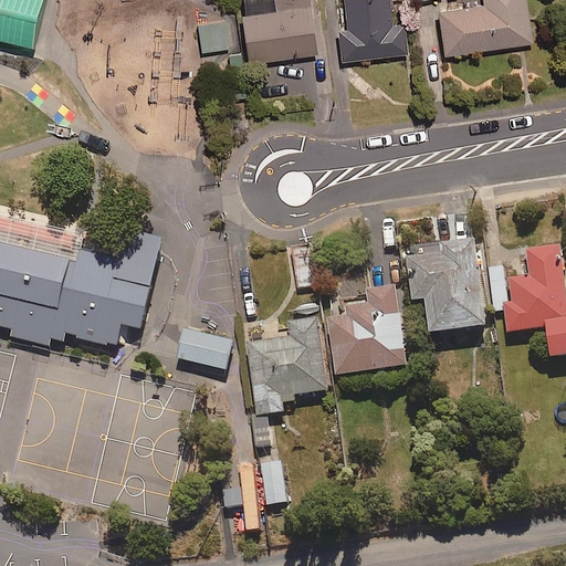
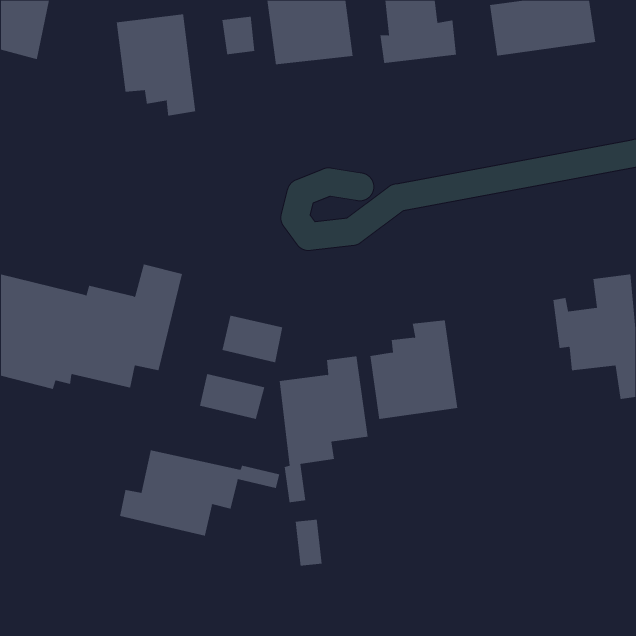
building: none -> [116,13,196,116]
building: [407,237,485,329] -> none
building: none -> [222,315,283,363]
building: none -> [119,450,280,537]

